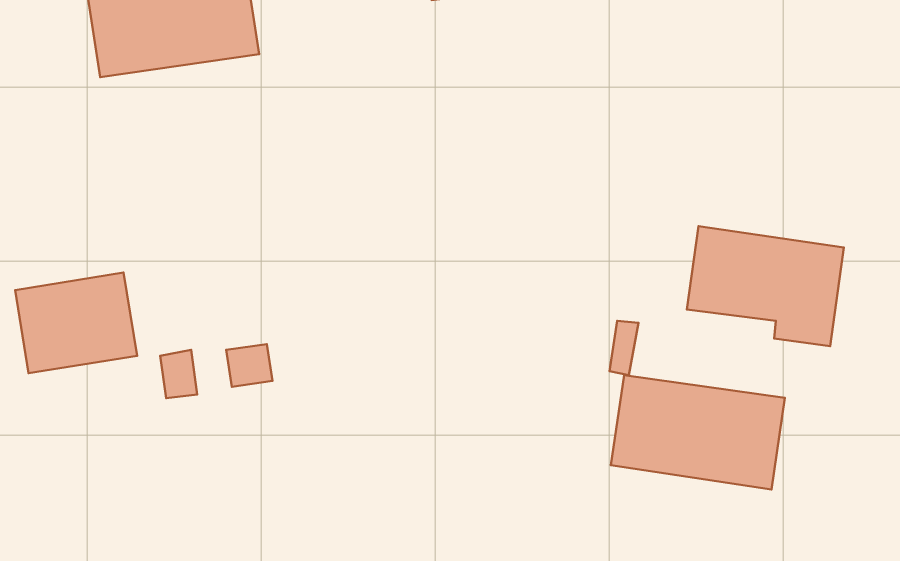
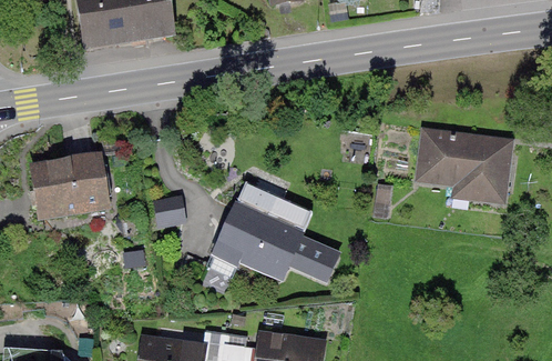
building: none -> [217,183,338,281]
building: [611,375,785,490] -> none

